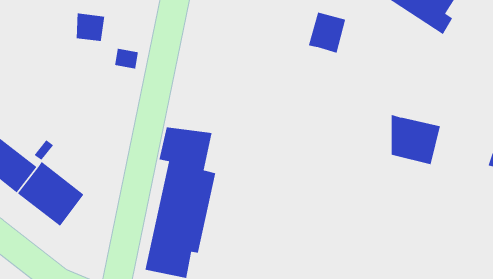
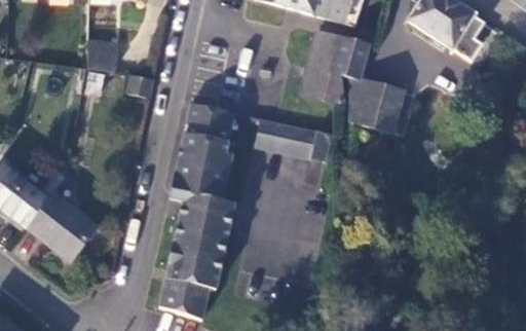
building: none -> [301,31,343,104]
building: none -> [172,104,234,192]
building: none -> [254,119,330,162]
building: [391,114,441,165] -> [350,78,403,132]

